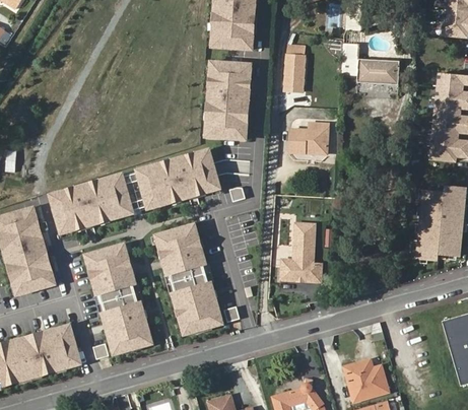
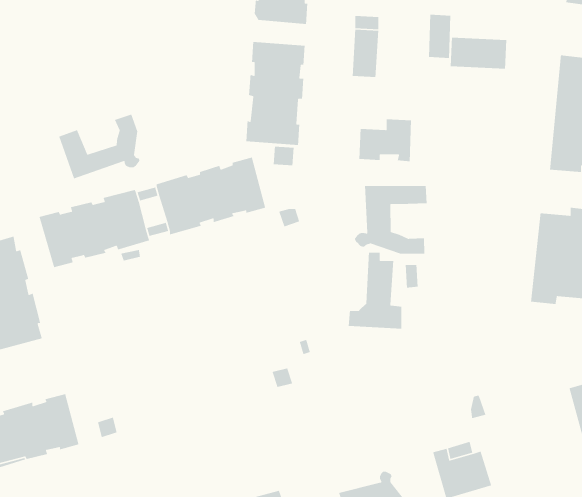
building: none -> [58,113,140,180]
building: none -> [354,185,428,254]
building: [156,223,223,333] -> none
building: [85,243,152,353] -> none

